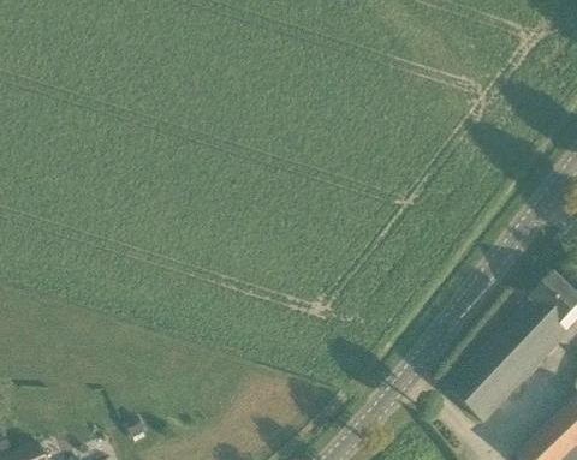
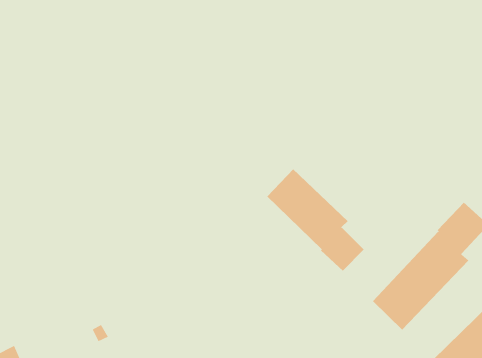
building: none -> [267,168,365,272]

